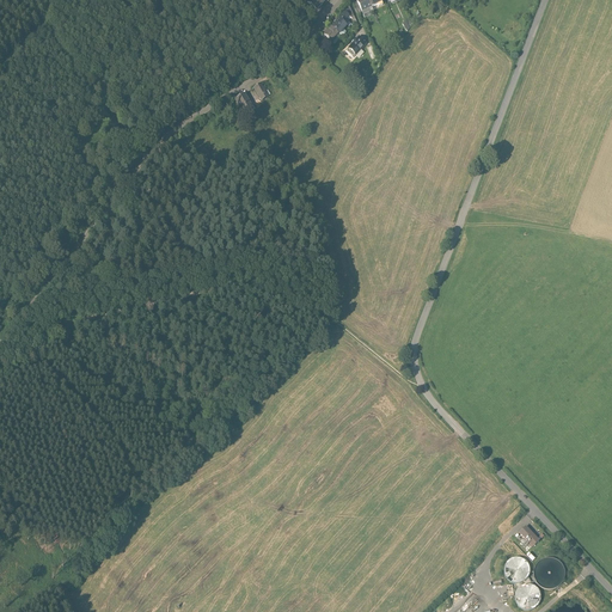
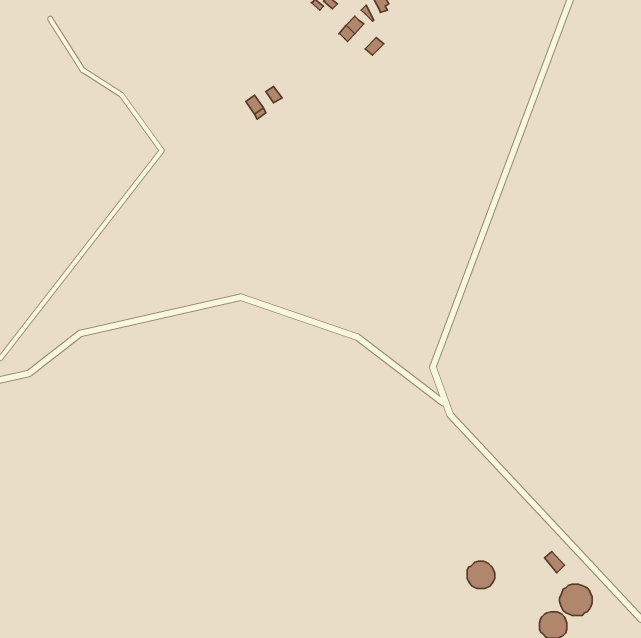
building: [503,556,530,582] -> [467,561,495,589]

